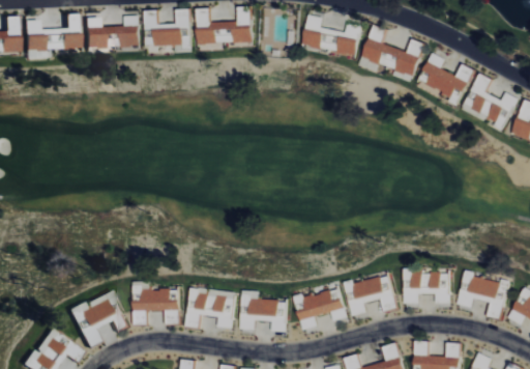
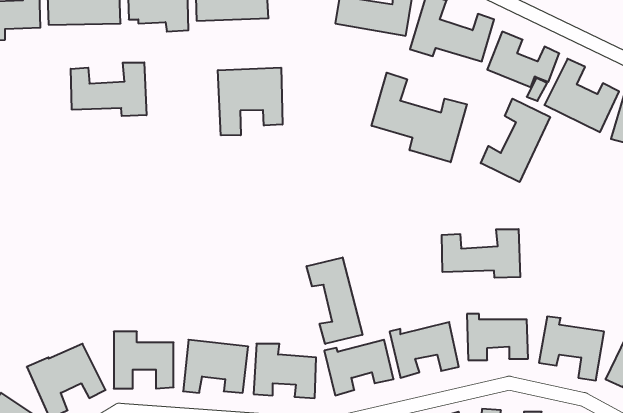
building: none -> [71,62,146,116]
building: none -> [218,68,282,135]
building: none -> [372,73,467,162]
building: none -> [481,99,550,182]
building: none -> [442,229,520,278]
building: none -> [307,257,362,344]

